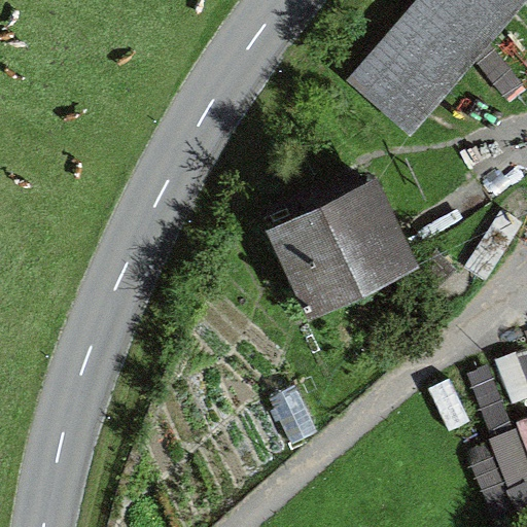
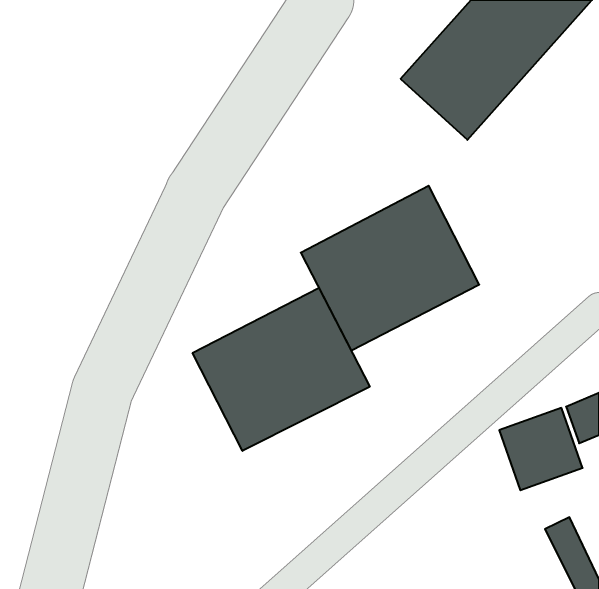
building: none -> [193,288,370,451]

